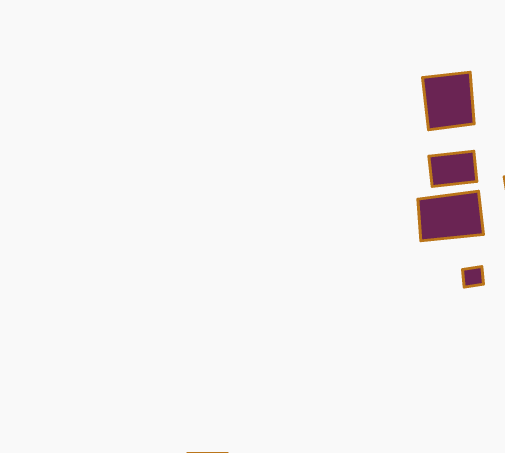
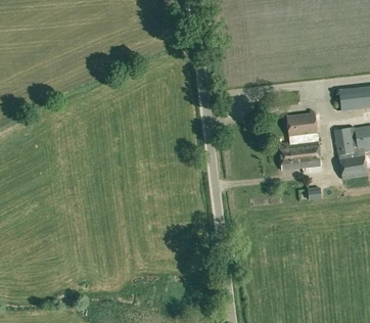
building: [422,72,474,130] -> none

